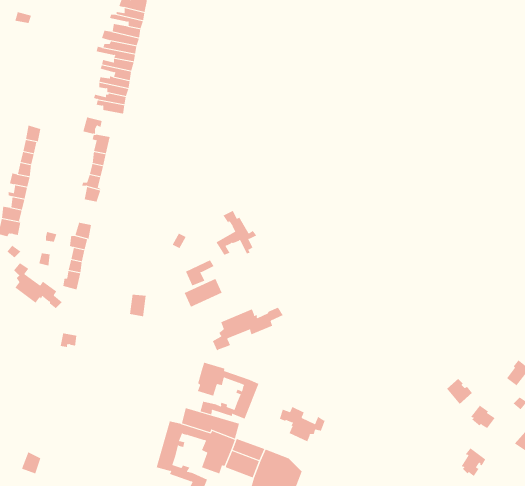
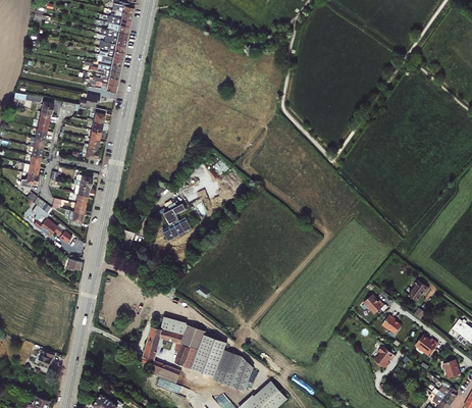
building: [212,307,283,351] -> none
building: [197,362,259,419] -> none
building: [279,406,326,442] -> none

